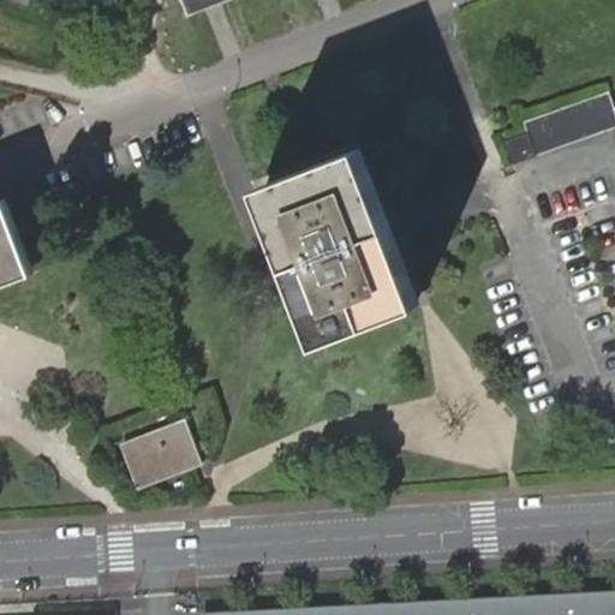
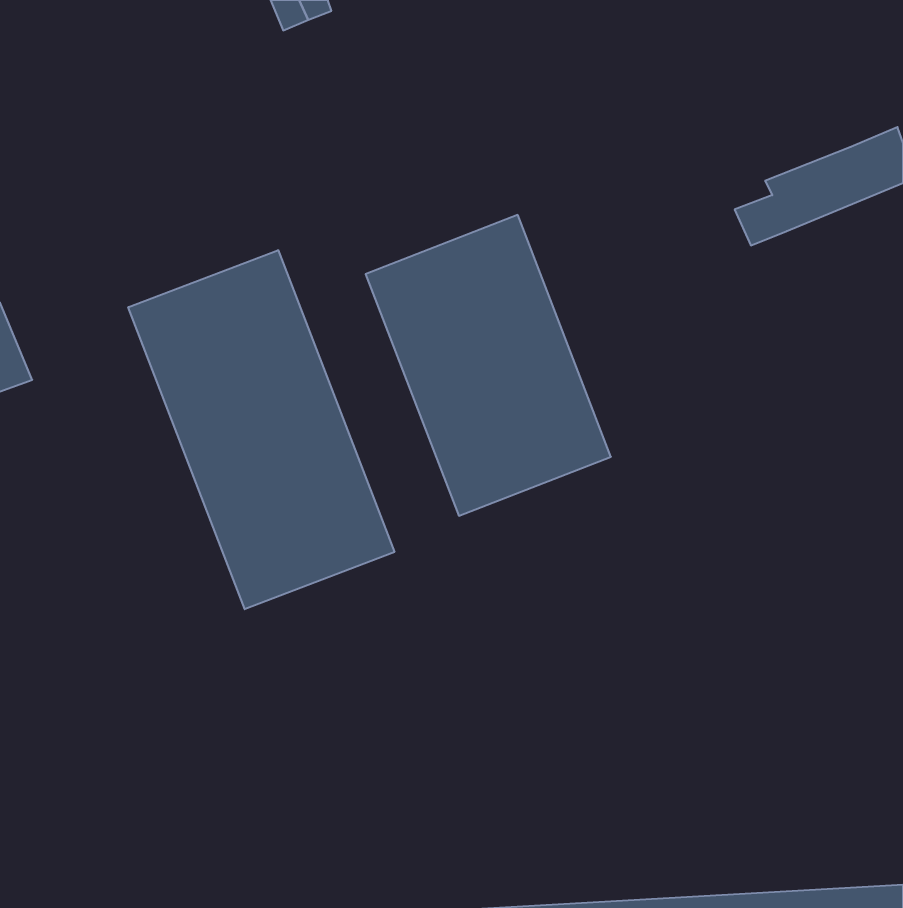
building: none -> [128,250,394,609]
building: [109,424,192,490] -> none

